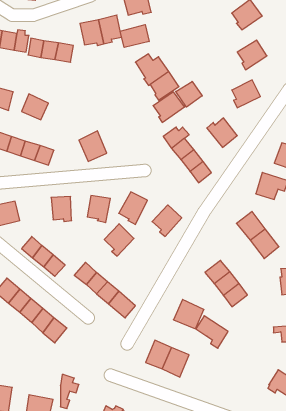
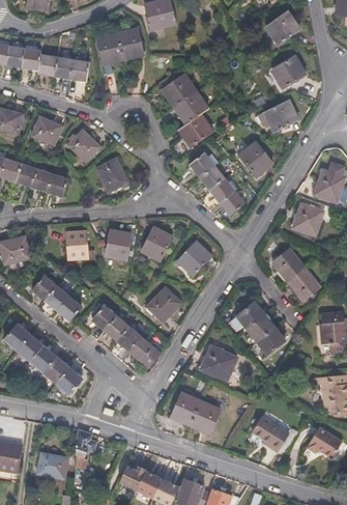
building: [120,25,149,47] -> none
building: [176,81,202,107] -> none
building: none -> [67,130,99,162]
building: [104,224,134,256] -> [148,287,181,324]
building: [196,316,228,348] -> [253,415,289,451]

